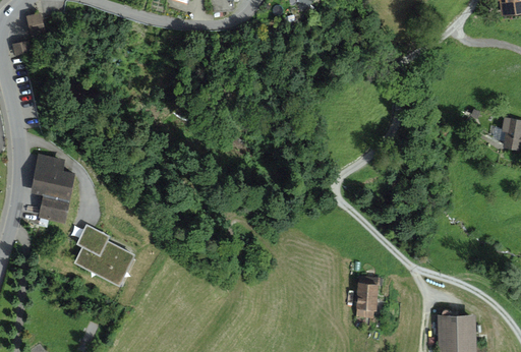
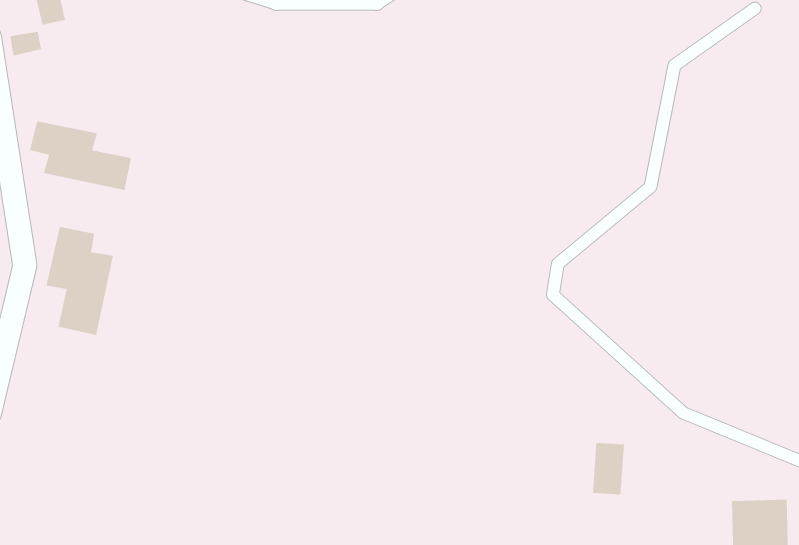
building: none -> [29,121,132,191]
building: [73,224,134,284] -> none

